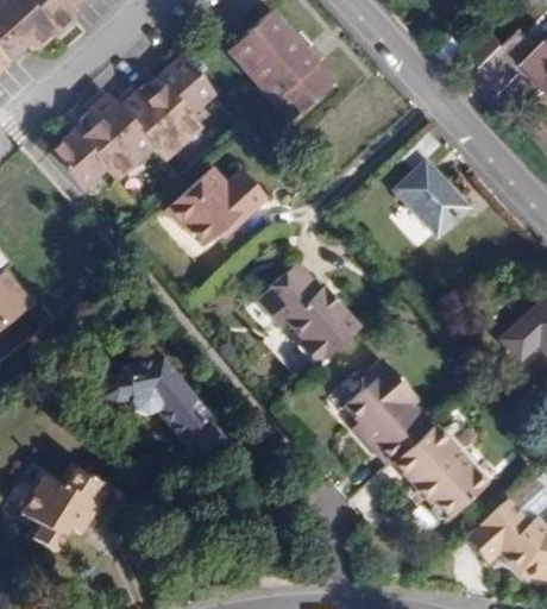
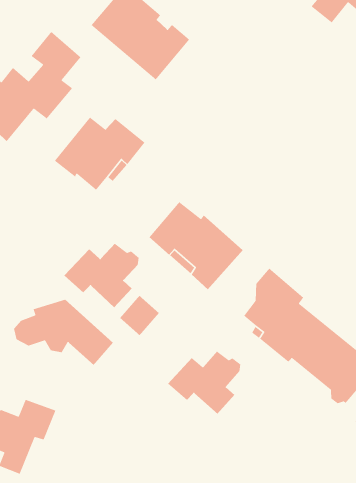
building: [395,161,466,232] -> none
building: none -> [63,243,140,308]
building: [175,412,221,458] -> [119,295,160,336]
building: none -> [167,351,241,414]

